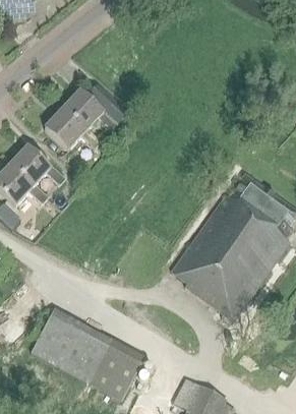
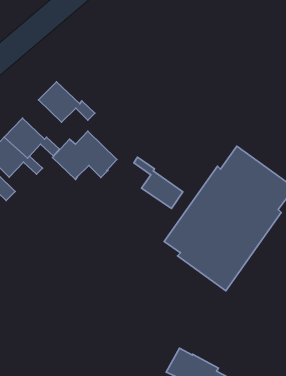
building: [62,82,127,131] -> [52,131,117,179]
building: none -> [134,157,183,208]
building: [31,307,146,402] -> none

